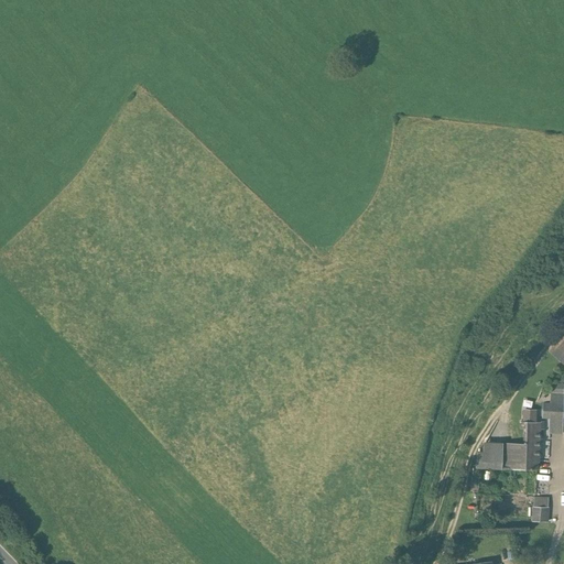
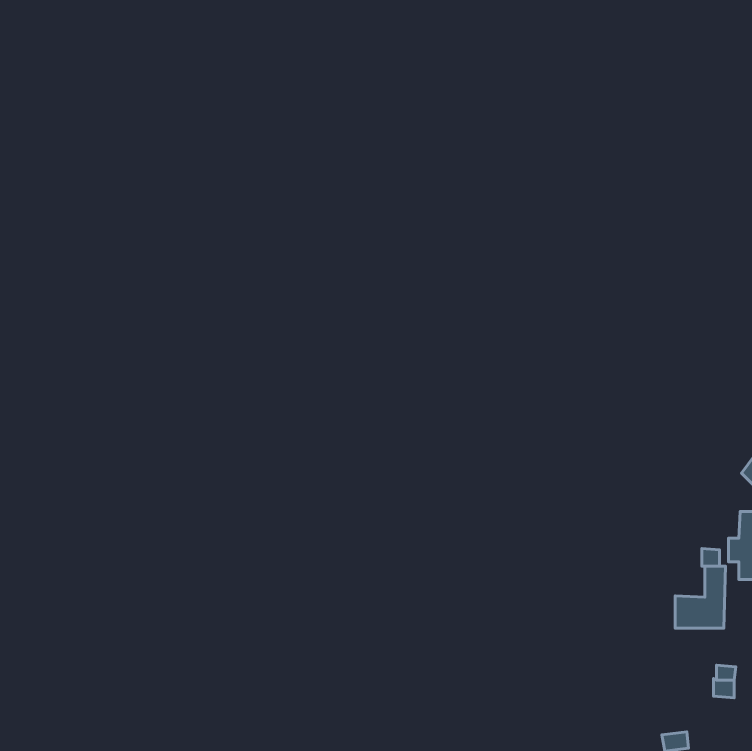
building: [478,444,506,468] -> none

